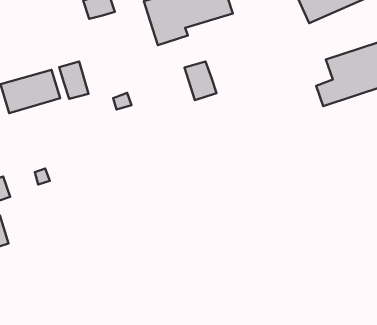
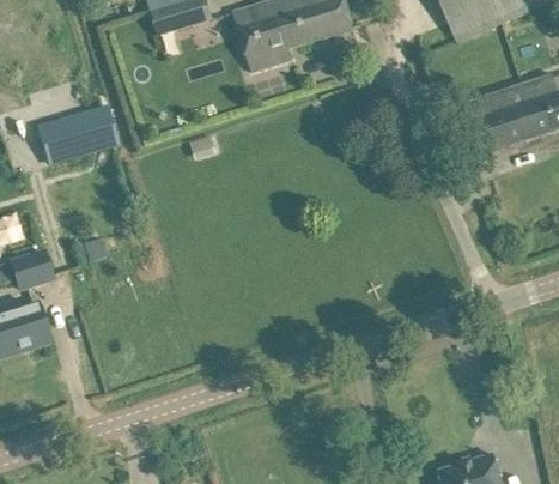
building: [185,61,217,100] -> none
building: [59,62,88,99] -> none

